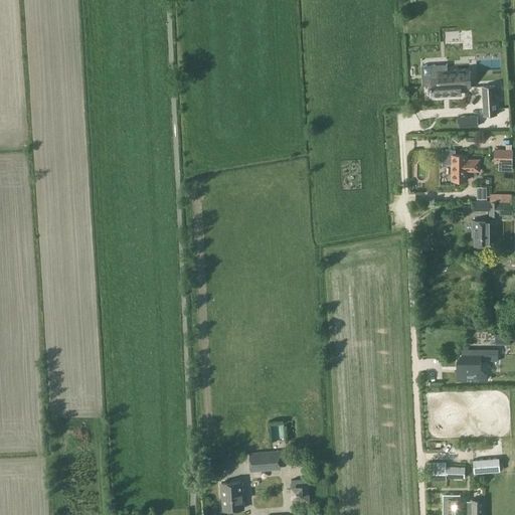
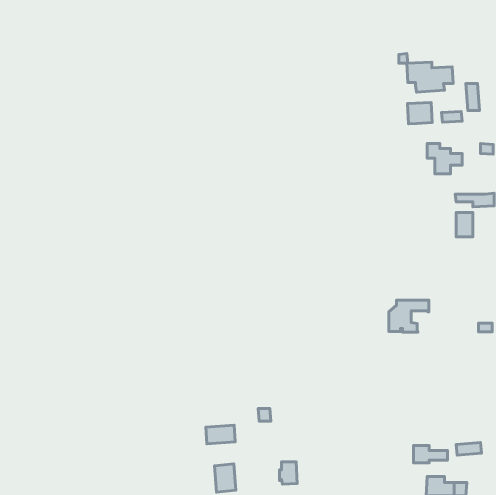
building: none -> [407,102,432,124]
building: [457,350,498,383] -> [389,300,429,332]
building: [250,453,281,472] -> [206,425,235,444]

